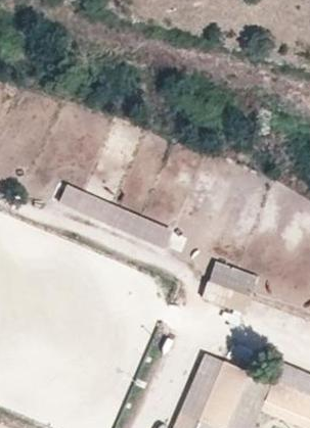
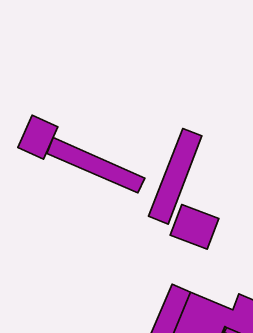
building: none -> [18,115,58,159]
building: none -> [148,129,202,224]

